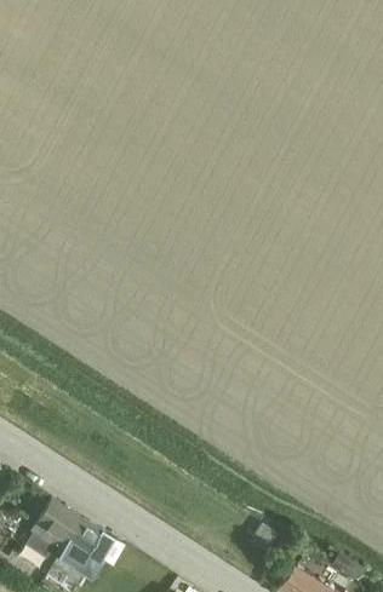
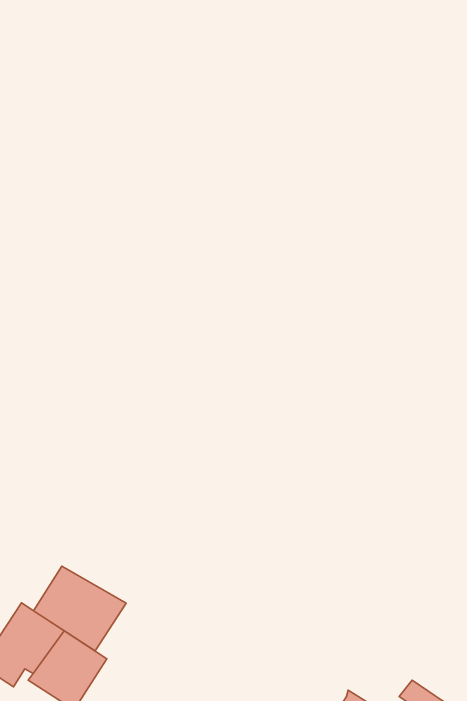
building: none -> [34,566,126,651]

